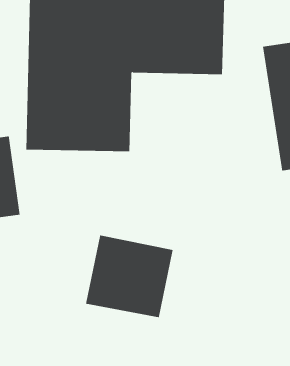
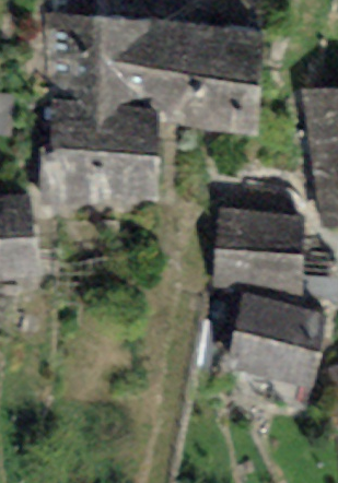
building: none -> [214,209,300,288]
building: [85,235,174,318] -> [228,295,323,385]

